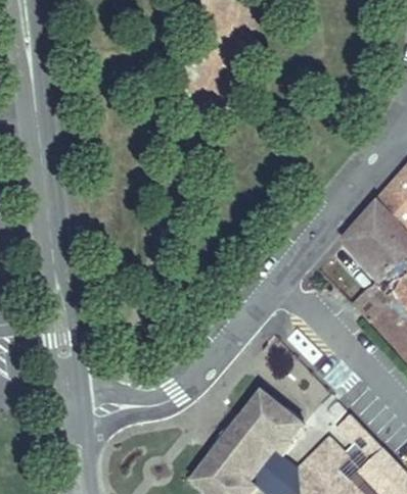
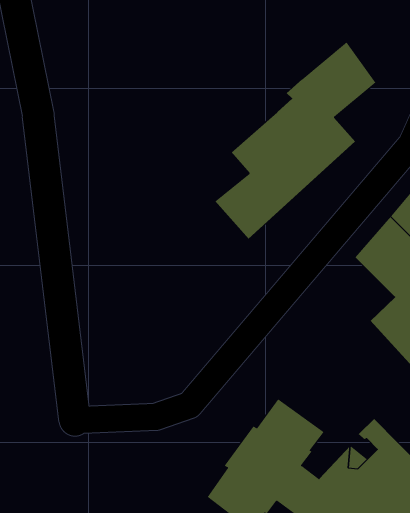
building: none -> [214,42,376,240]

